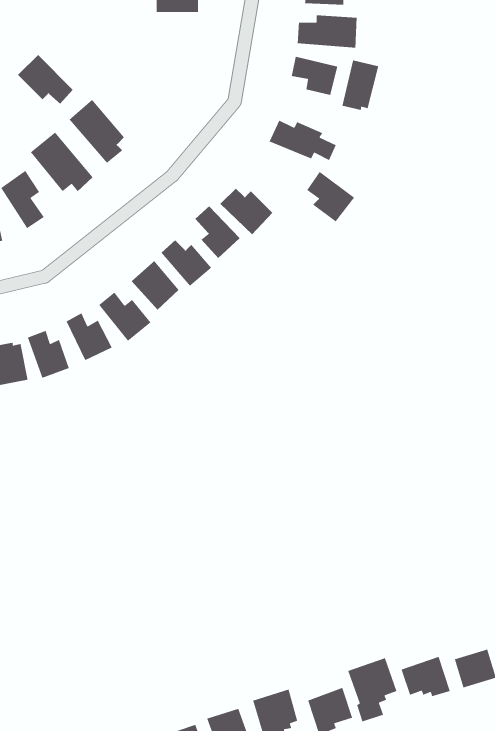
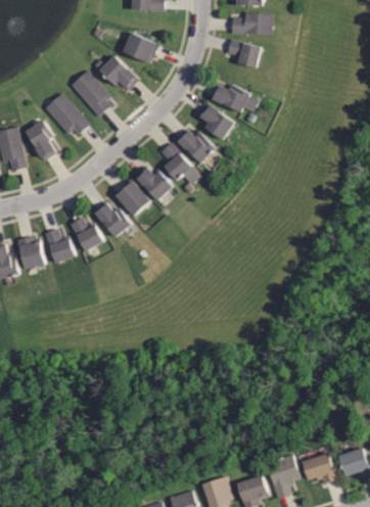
building: none -> [121,31,157,62]
building: [17,54,74,105] -> [98,55,137,90]
building: [341,59,379,111] -> none
building: [306,171,355,223] -> [200,103,234,139]

